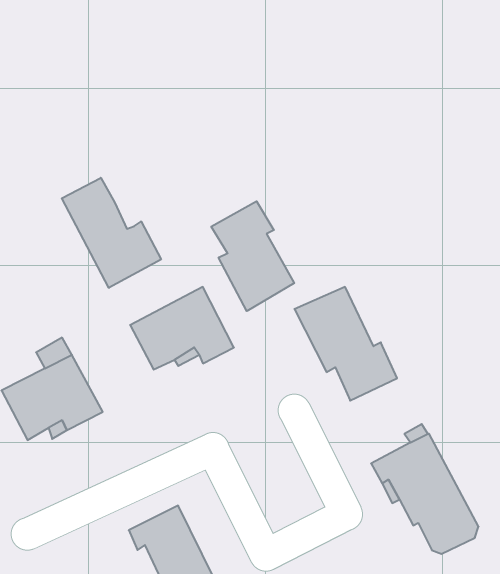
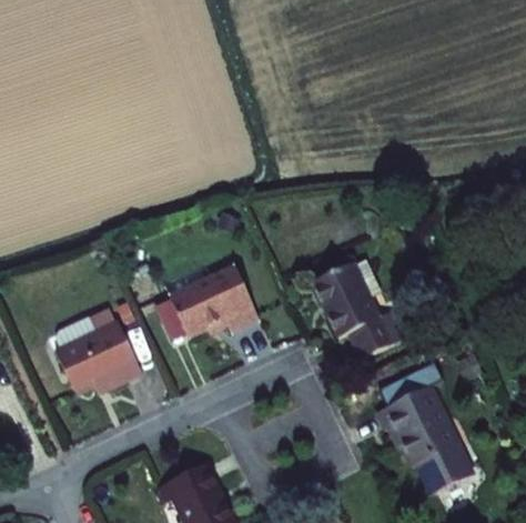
building: [62,178,161,288] -> none
building: [211,201,294,311] -> none

